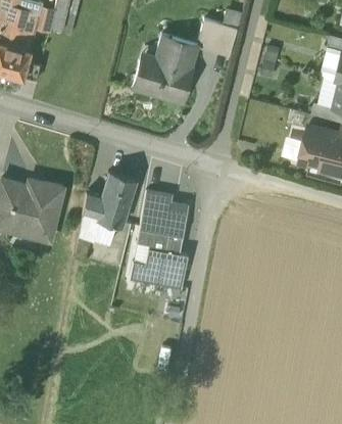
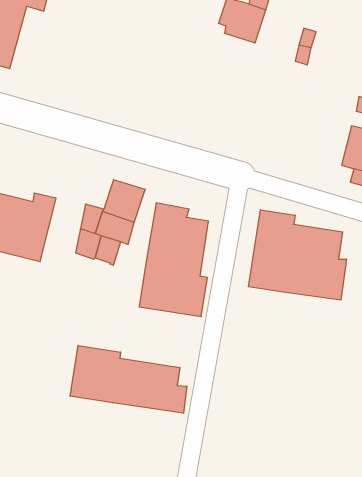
building: [133,35,199,103] -> none
building: none -> [248,210,346,300]
building: none -> [70,345,187,413]

